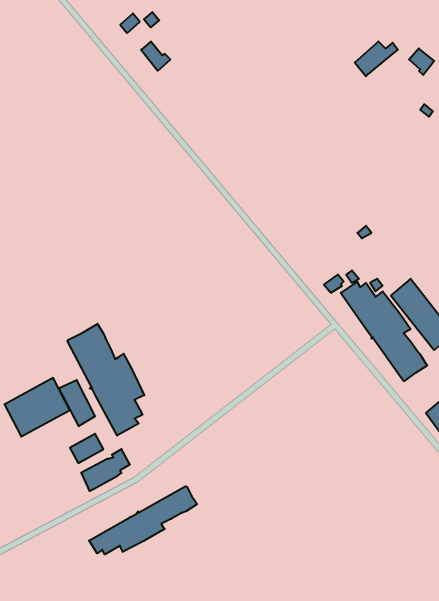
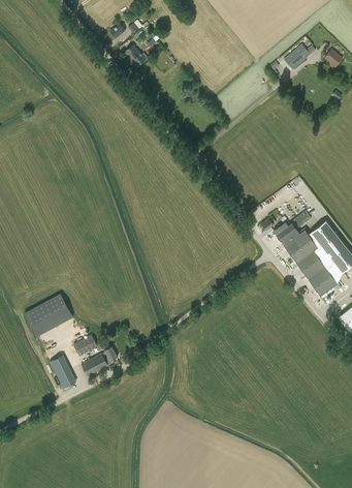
building: [67,324,144,436] -> none
building: [59,380,95,426] -> [50,355,76,389]
building: [89,486,197,554] -> none

